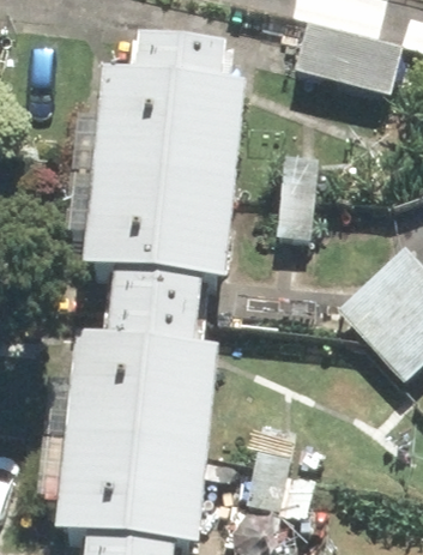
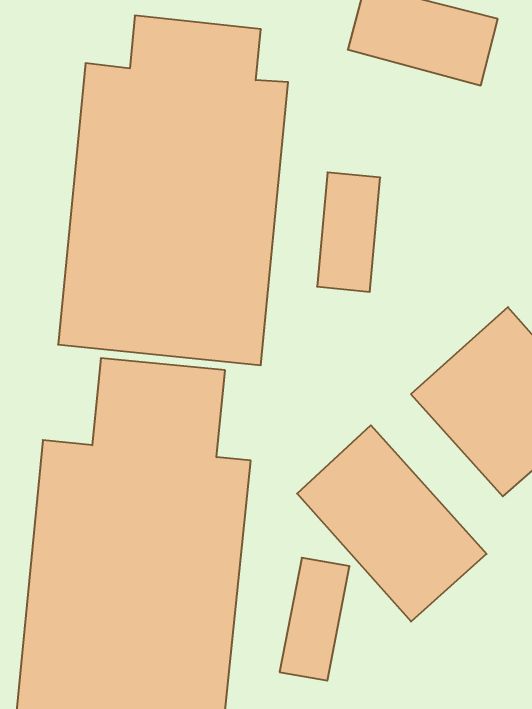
building: none -> [297,425,487,622]

